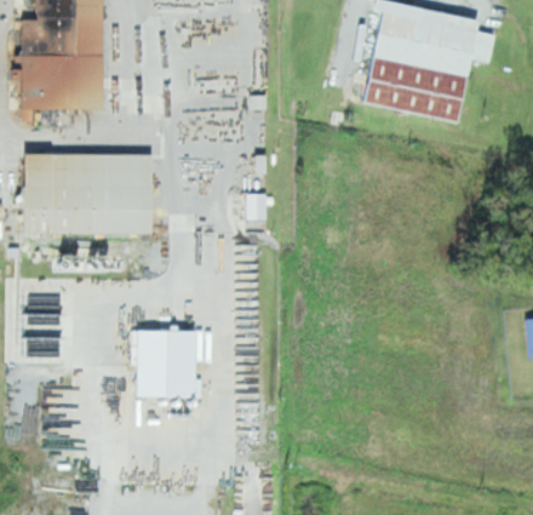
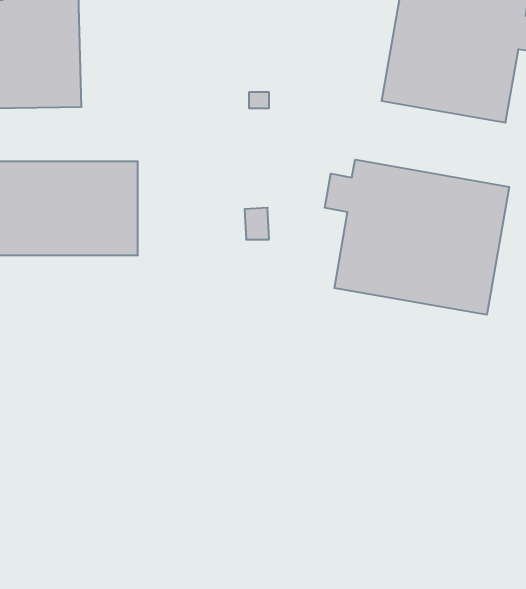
building: none -> [325,160,509,315]
building: [130,330,197,406] -> none

